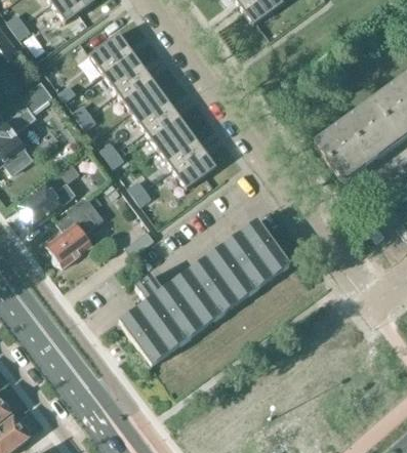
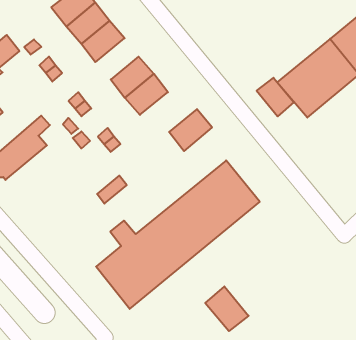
building: [130,89,174,130] -> none
building: none -> [257,78,294,116]
building: [172,147,216,189] -> [169,109,212,151]
building: [46,192,104,266] -> none
building: none -> [205,286,249,331]

